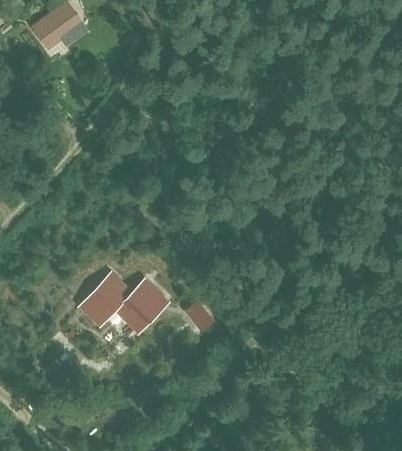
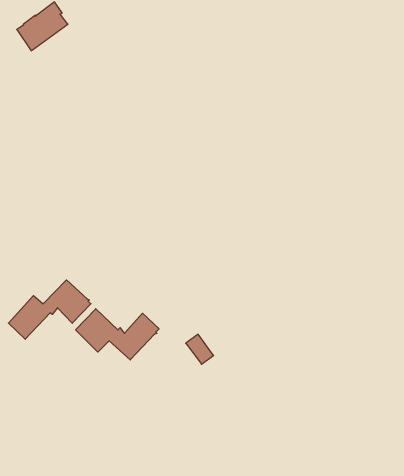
building: none -> [8,280,91,339]

